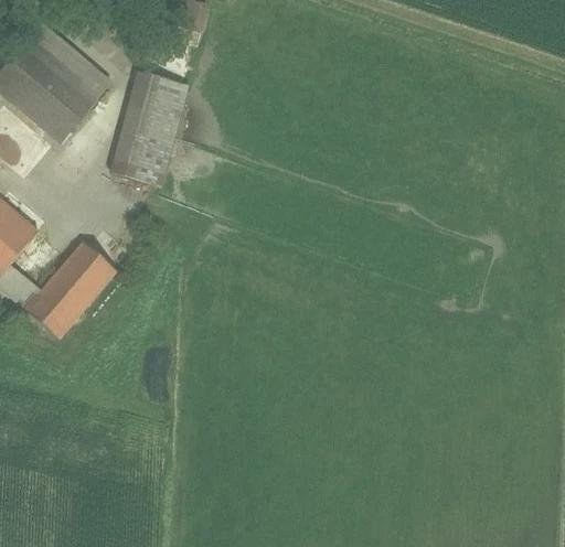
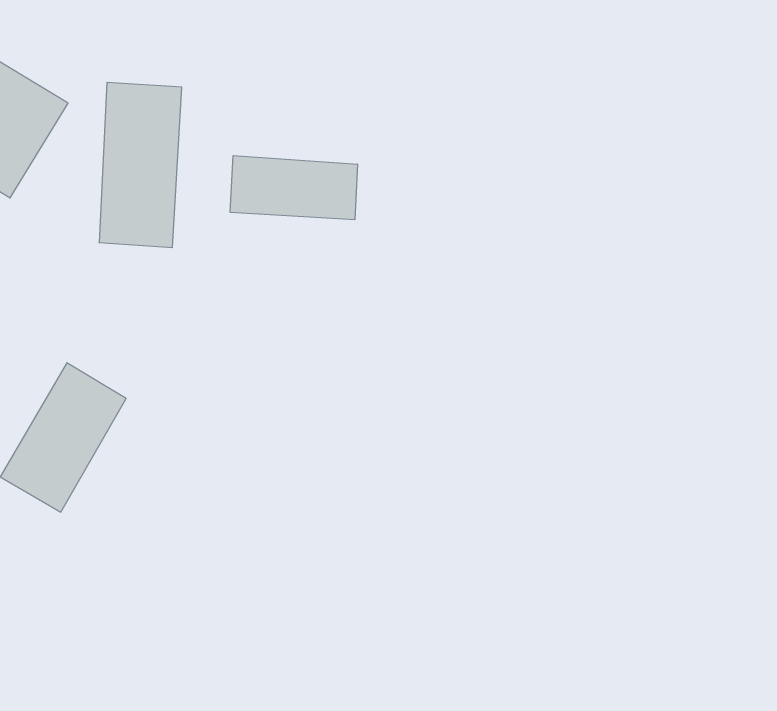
building: none -> [230,156,357,220]

